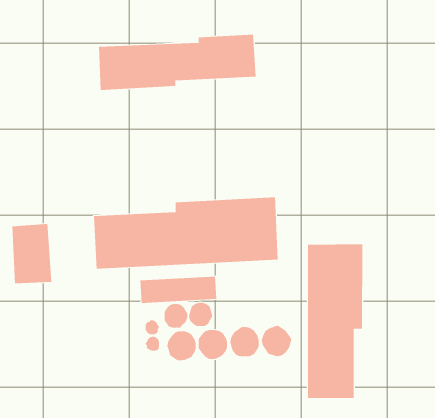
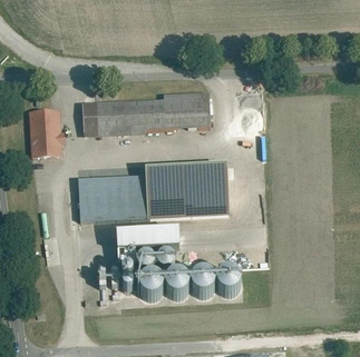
building: [98,34,256,90] -> [81,91,211,137]
building: [11,224,52,284] -> [29,108,62,157]
building: [307,244,363,399] -> none

